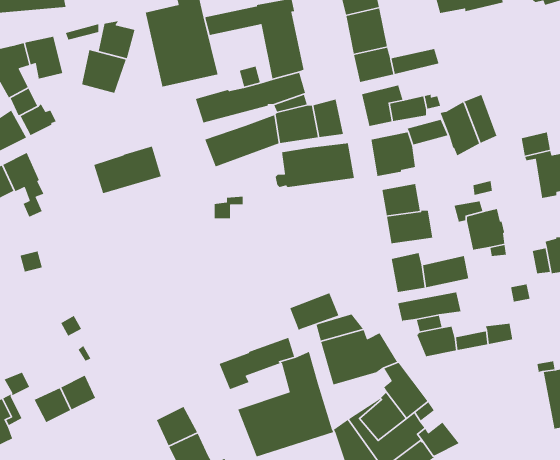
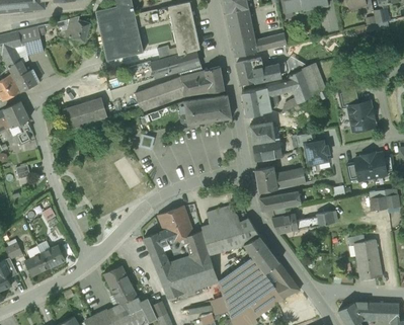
building: [81,49,127,94] -> none
building: [289,292,339,331] -> [157,206,189,231]

